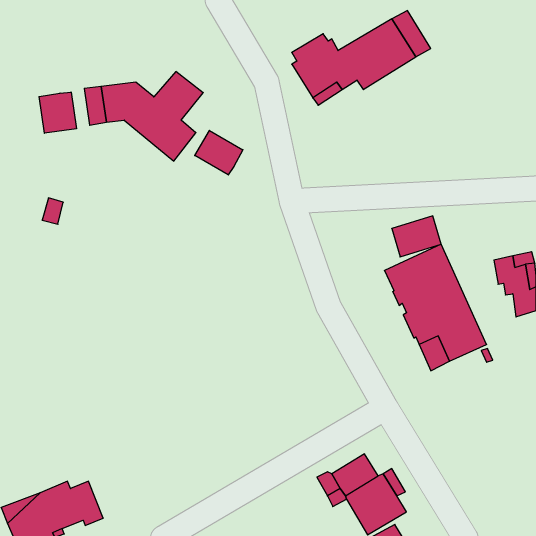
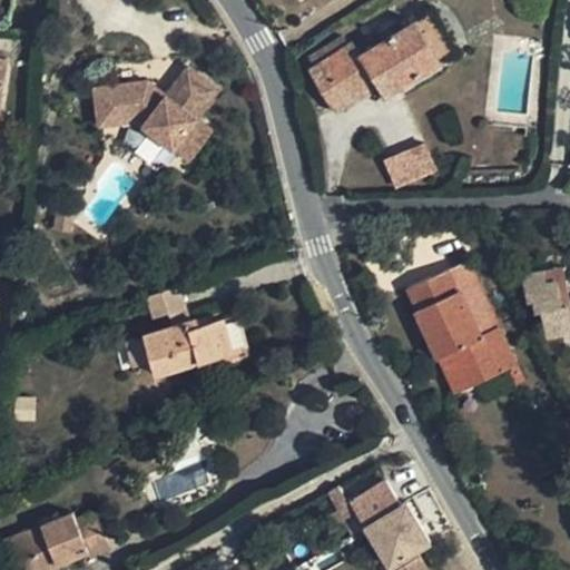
building: [39,92,76,133] -> none
building: [195,130,243,175] -> none
building: [392,216,441,257] -> [381,146,433,189]
building: none -> [141,285,232,376]

